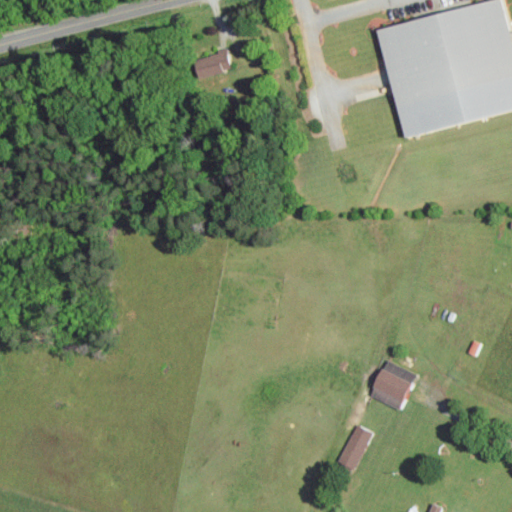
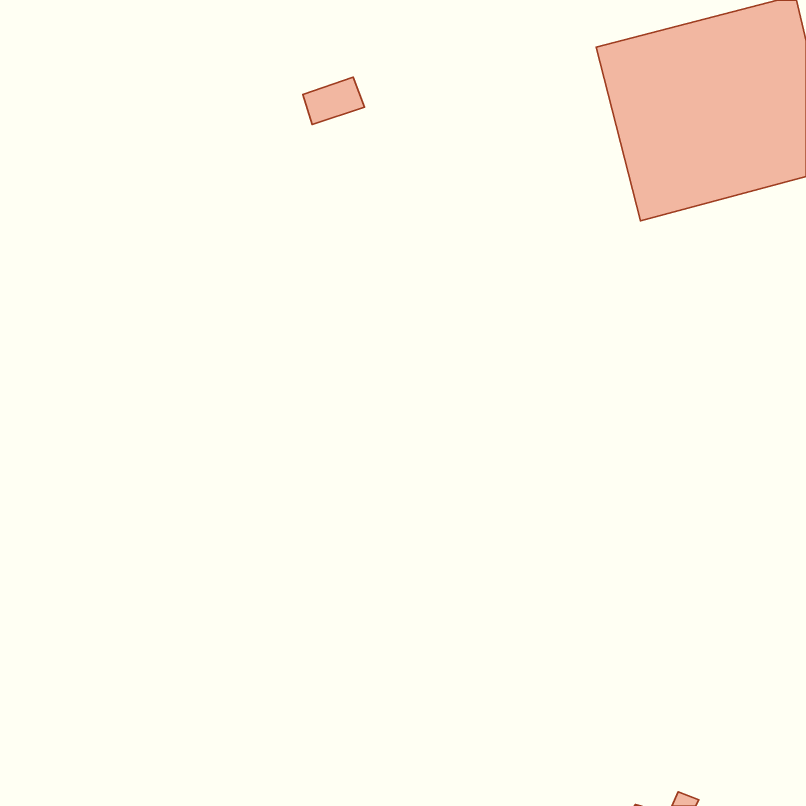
building: [367,358,414,408] -> none
building: [336,423,370,471] -> none

